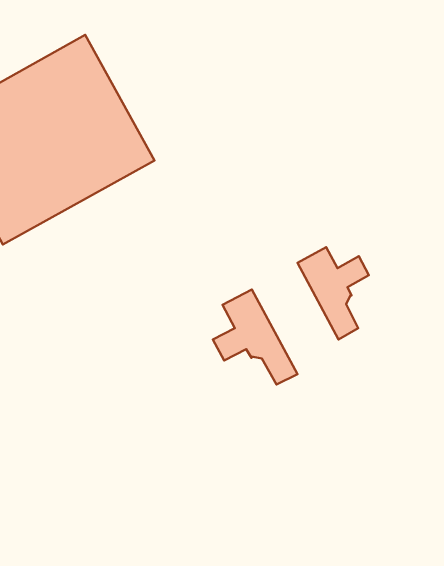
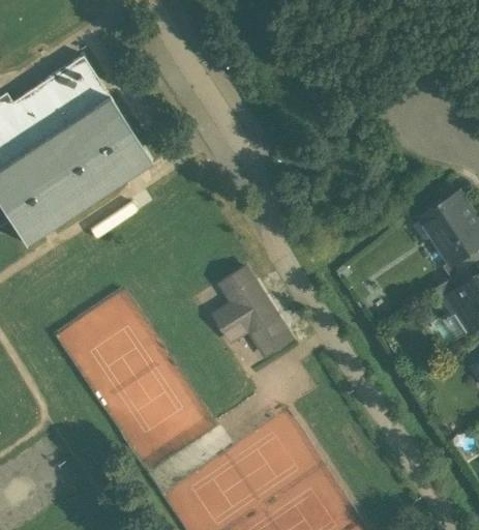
building: [298,247,369,339] -> none

